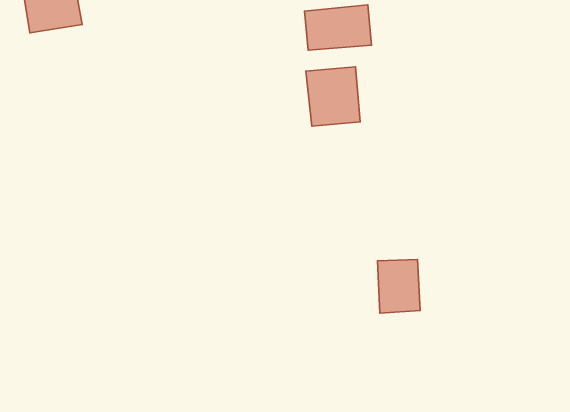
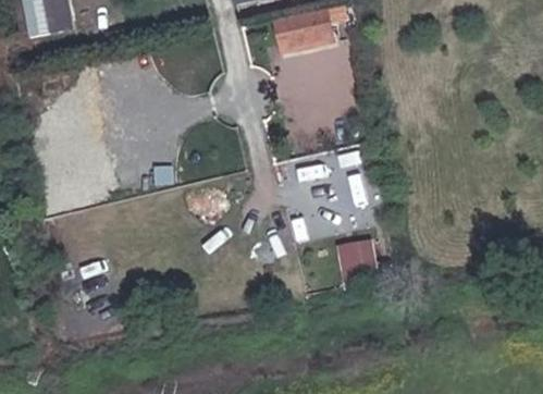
building: [306,67,360,126] -> none

